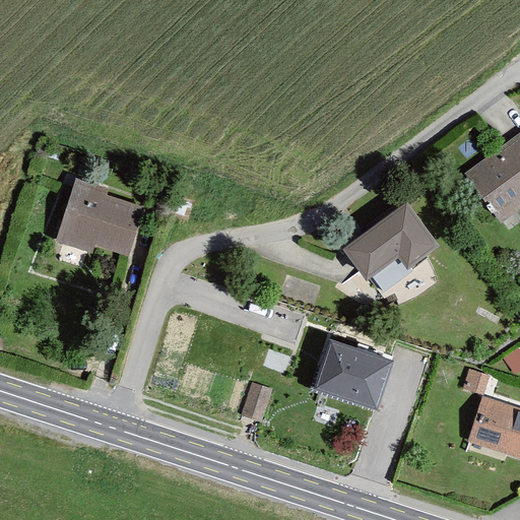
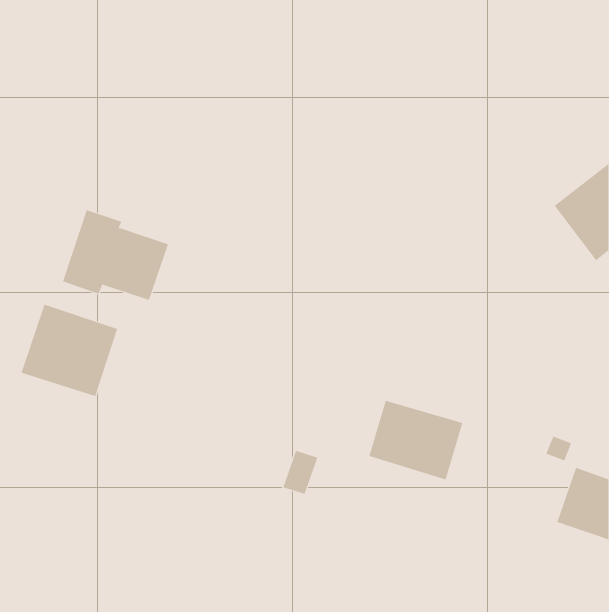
building: [353,203,450,281] -> none
building: none -> [21,304,118,397]

